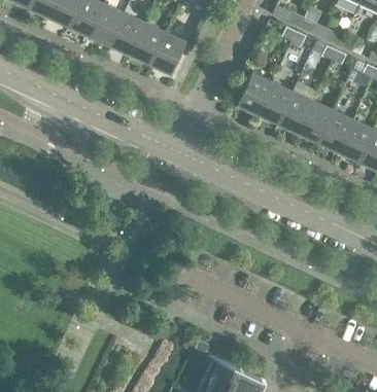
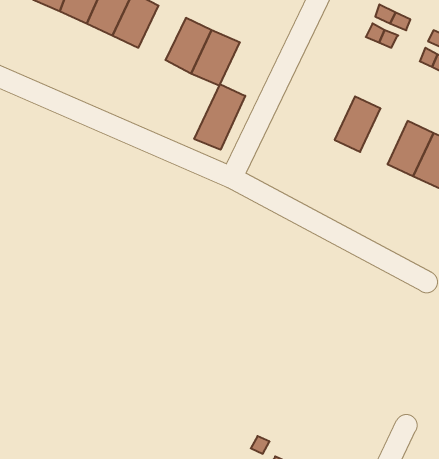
building: [109,13,145,55] -> none
building: none -> [194,84,245,150]
building: [238,73,274,115] -> none
building: [278,92,314,134] -> none

